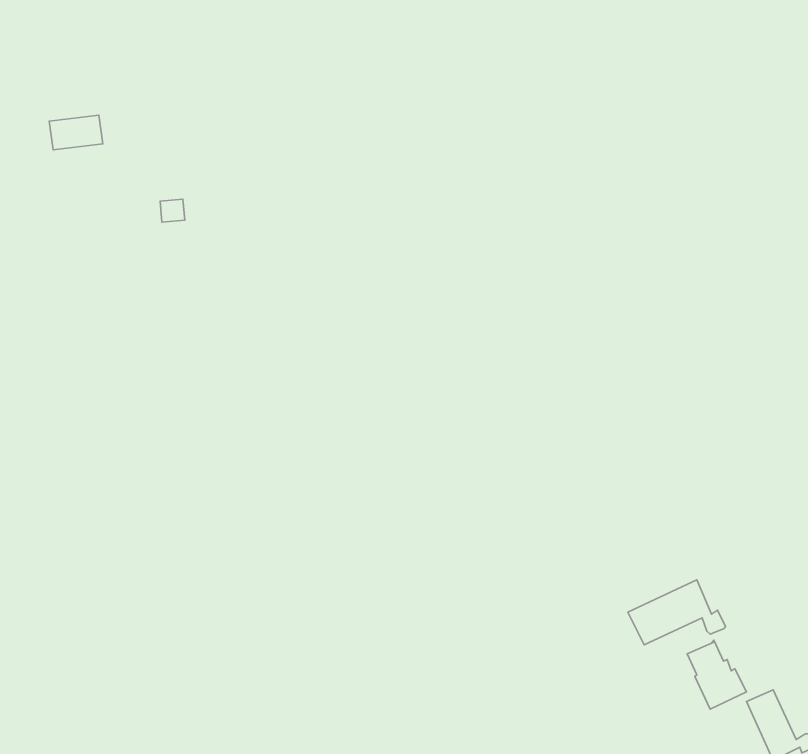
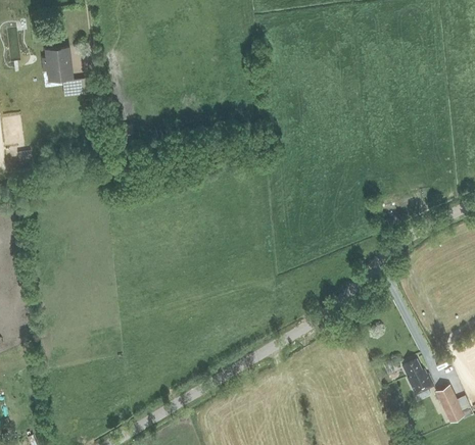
building: none -> [41,46,73,80]
building: [628,580,726,645] -> none

